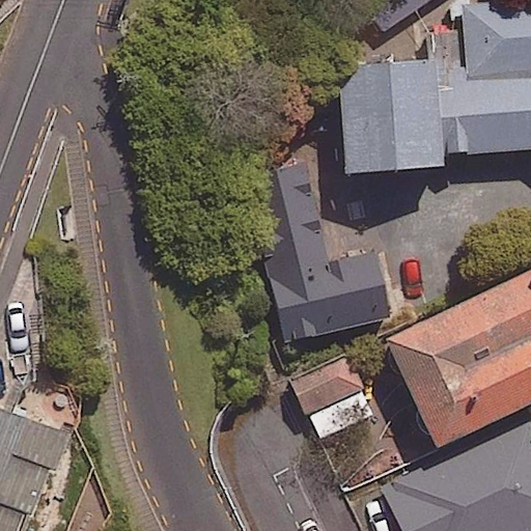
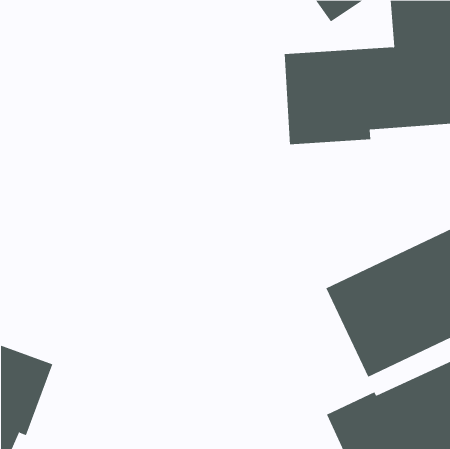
building: [254,163,387,340] -> none
building: [295,360,372,441] -> none

